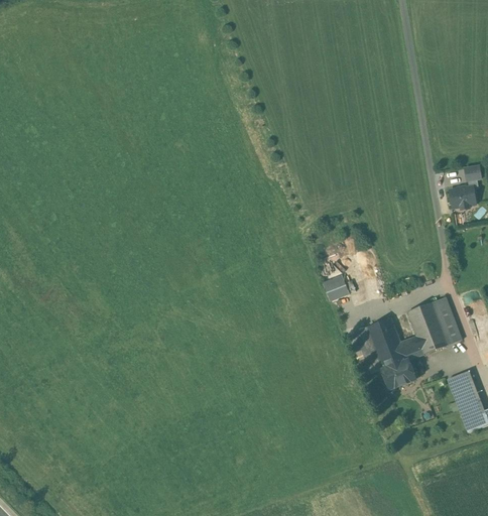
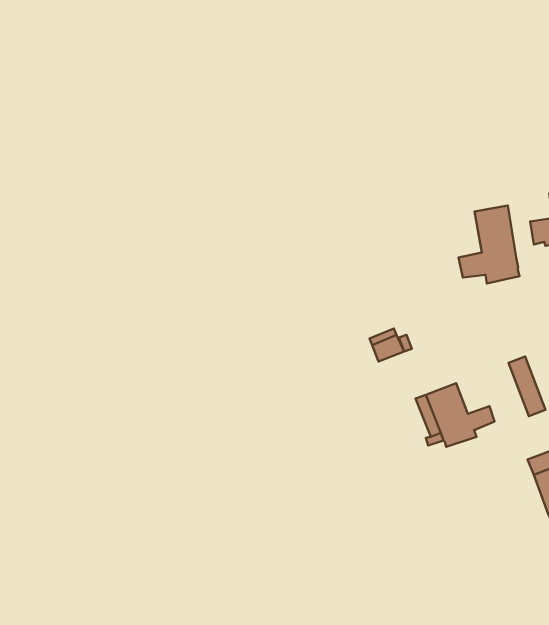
building: none -> [459,206,520,283]
building: [406,302,448,355] -> none
building: [381,360,414,389] -> none

